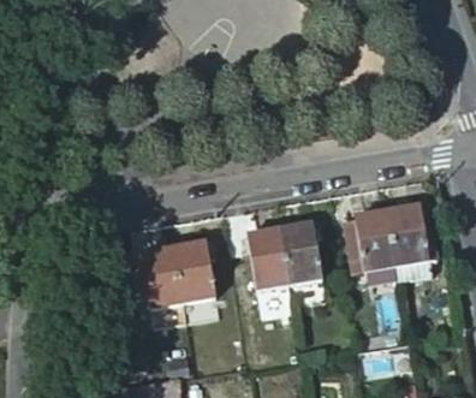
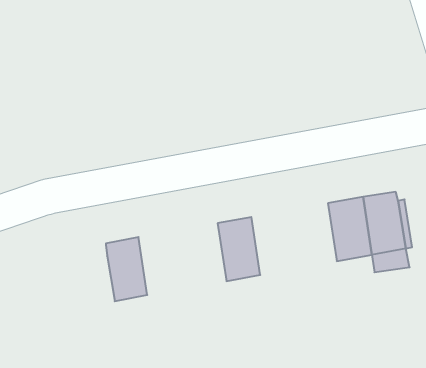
building: [280,222,321,284] -> none
building: [172,242,213,303] -> none

